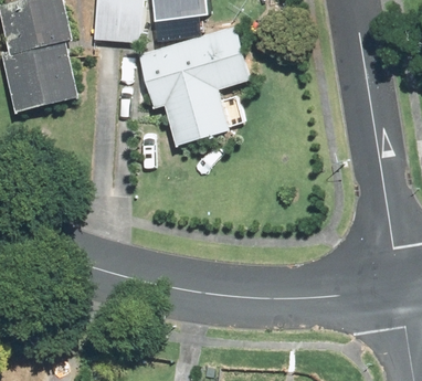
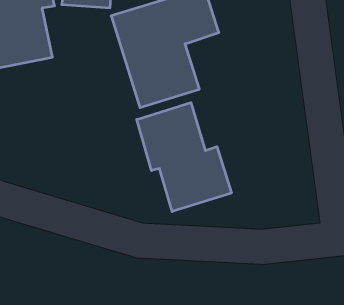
building: none -> [137,103,231,212]

